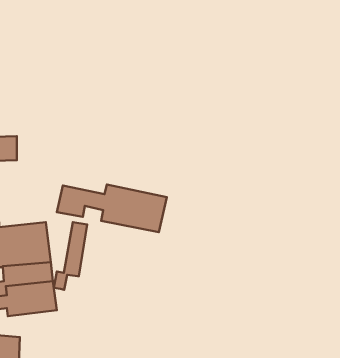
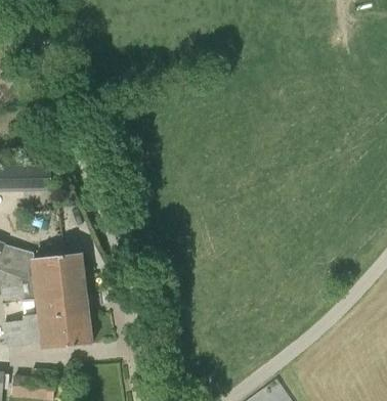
building: [57,185,167,232] -> none
building: [54,222,87,290] -> none

